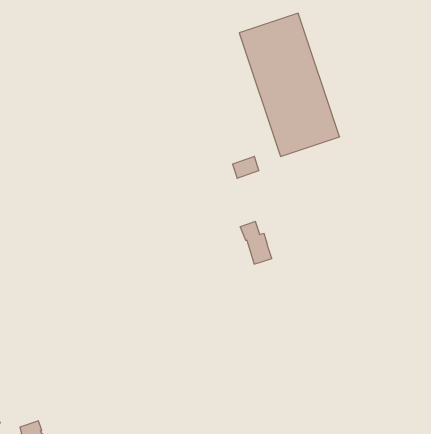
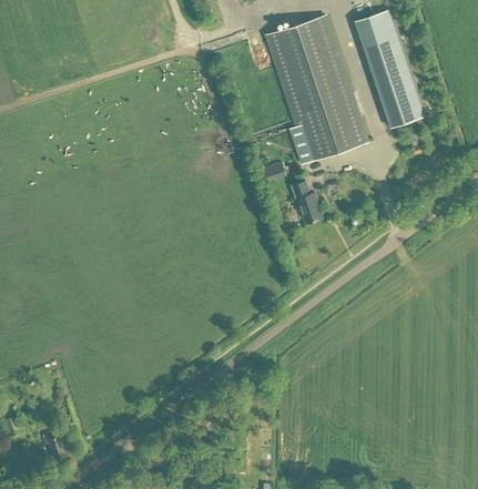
building: none -> [355,11,423,128]
building: [240,222,272,264] -> [289,181,322,224]

